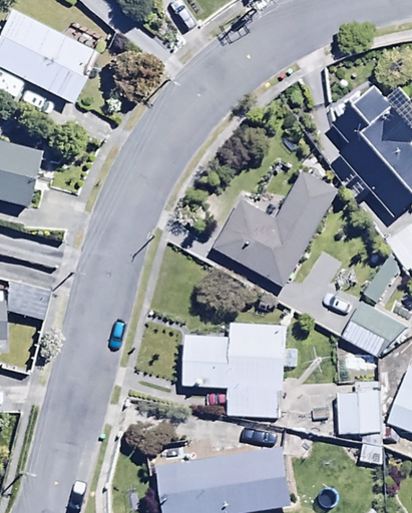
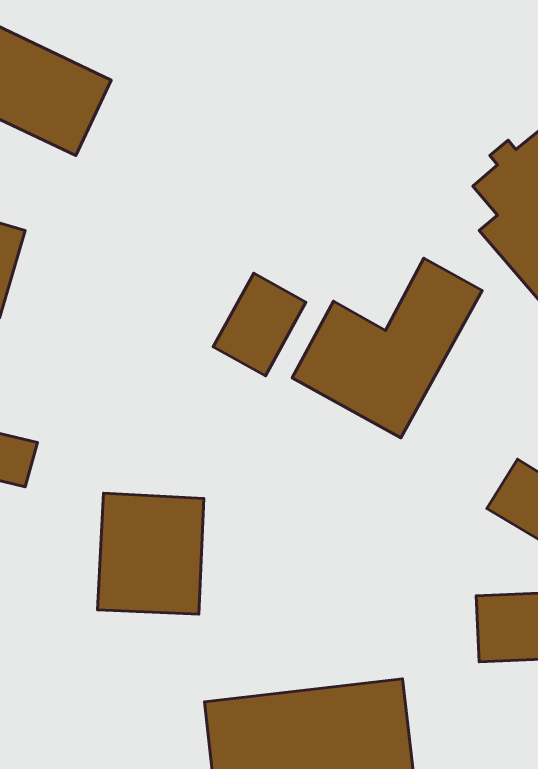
building: none -> [213,273,306,376]
building: [184,323,297,418] -> none
building: none -> [97,493,204,614]

